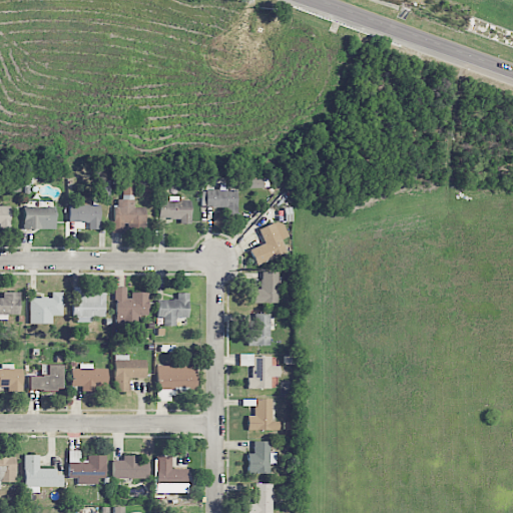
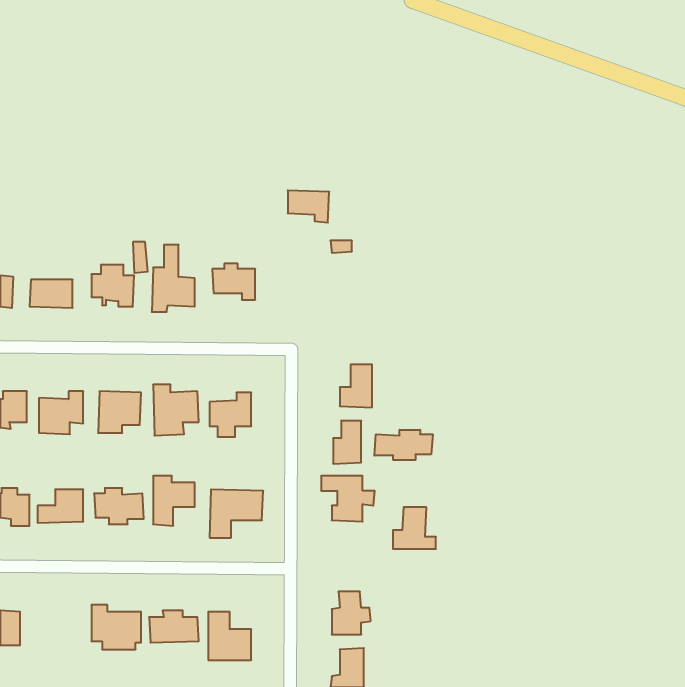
building: [206,189,237,213] -> [288,190,329,223]
building: [250,220,289,265] -> none
building: none -> [374,430,433,460]
building: [247,399,280,430] -> [393,507,436,549]
building: [24,454,63,493] -> none

